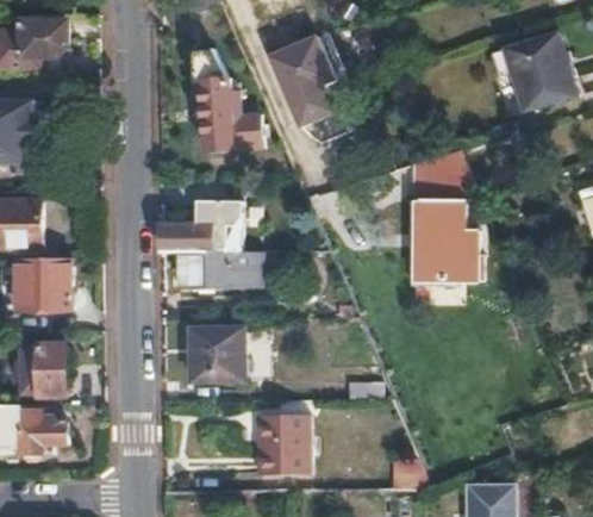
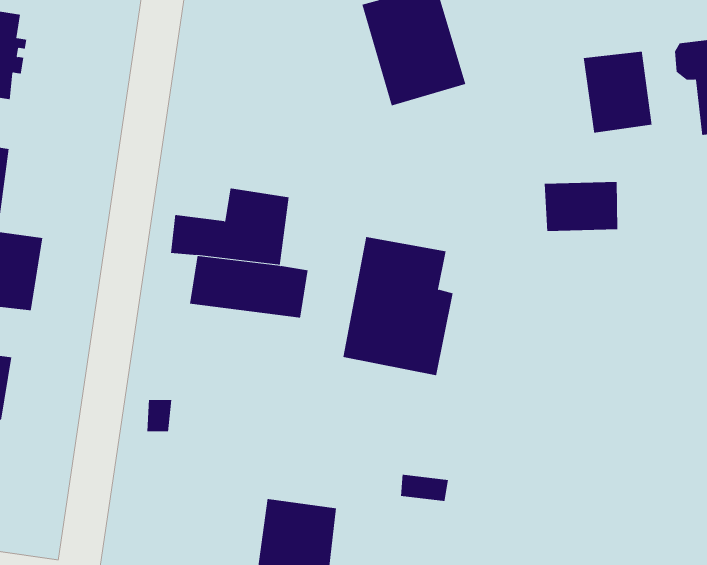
building: none -> [583,51,652,133]
building: [199,76,261,149] -> none
building: [413,198,483,287] -> [343,237,453,376]
building: [191,326,244,379] -> none

